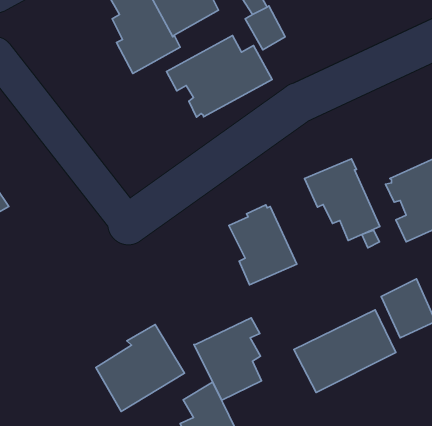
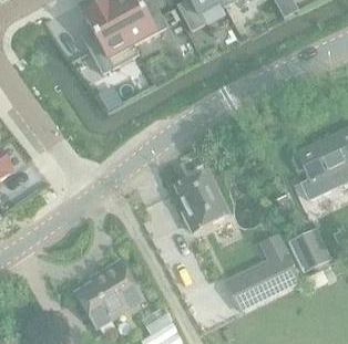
building: [167,35,272,117] -> none
building: [304,159,380,241] -> none
building: [194,318,261,400] -> none

